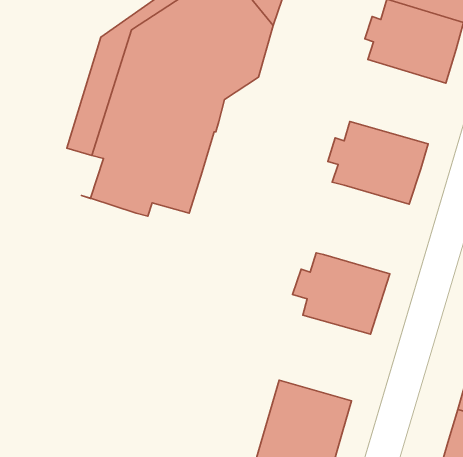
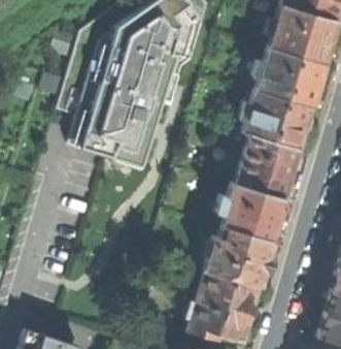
building: none -> [254,49,323,107]
building: none -> [238,136,298,198]
building: none -> [205,227,271,287]

